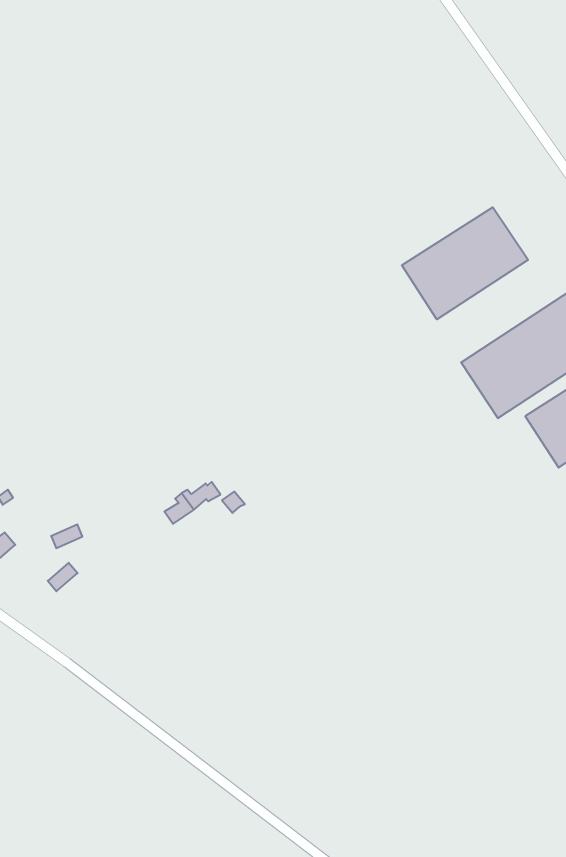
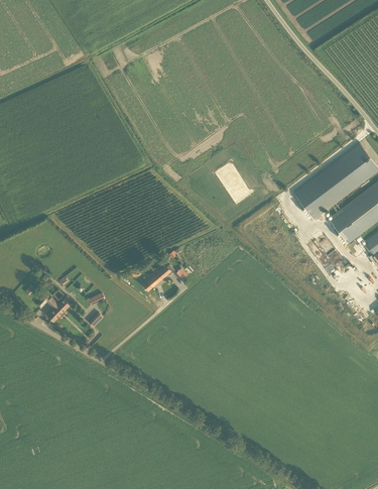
building: [402,207,528,319] -> none

